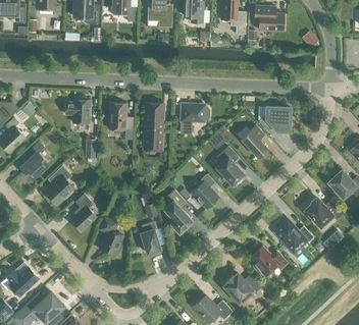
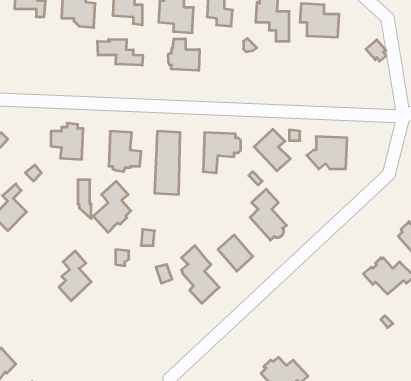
building: none -> [168,39,199,71]
building: none -> [97,39,143,65]
building: [241,125,268,157] -> [254,129,290,171]
building: [45,165,73,204] -> [93,181,131,232]
building: [99,217,121,255] -> none
building: [274,219,313,251] -> none
building: [139,222,160,253] -> none
building: [249,246,288,276] -> none

